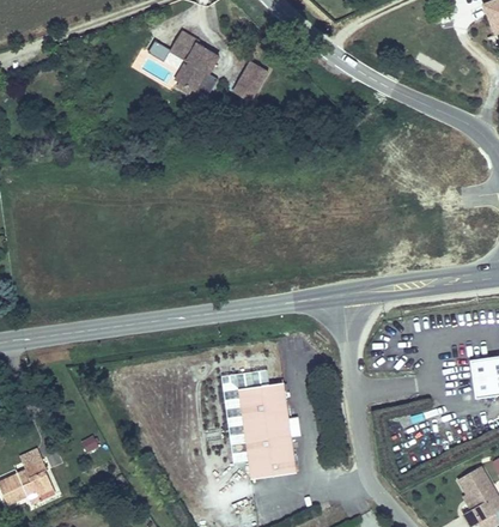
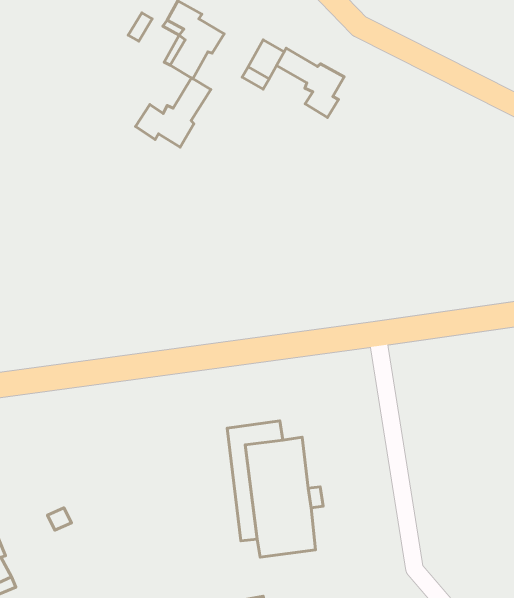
building: none -> [276,48,344,117]
building: none -> [135,78,211,147]

